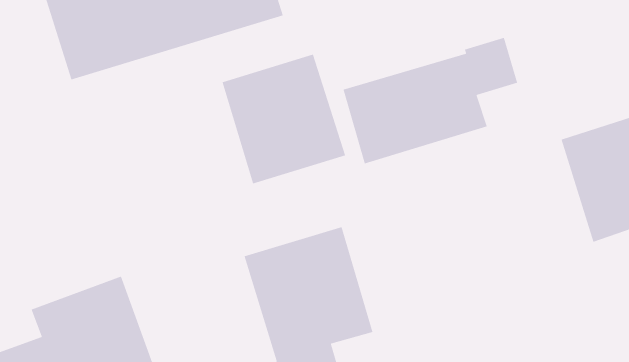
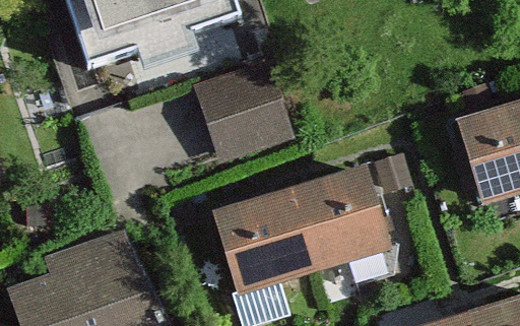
building: [342,37,518,165] -> none
building: none -> [291,168,390,273]

